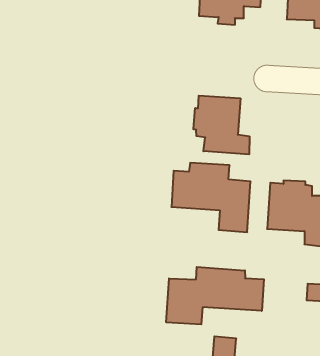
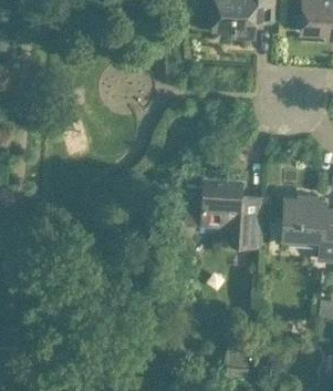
building: [193,96,249,154] -> none
building: [166,267,264,324] -> none

